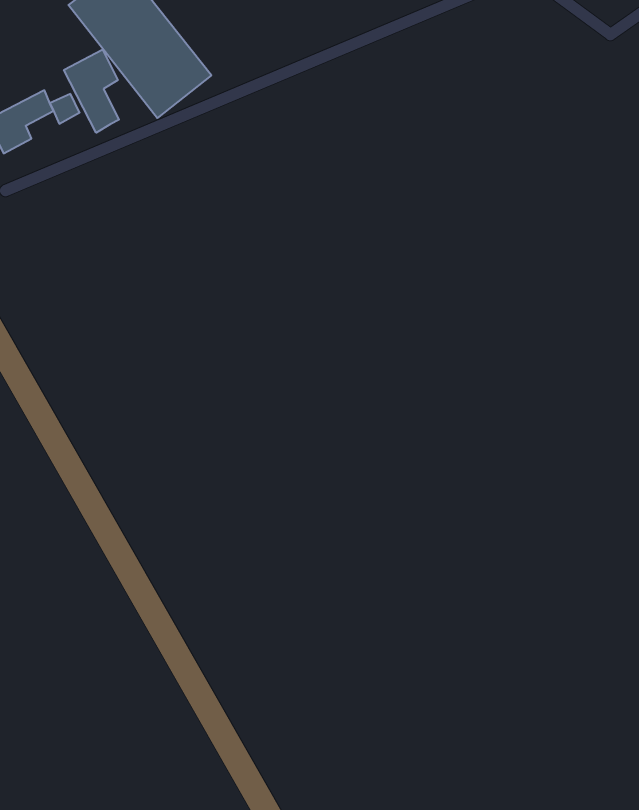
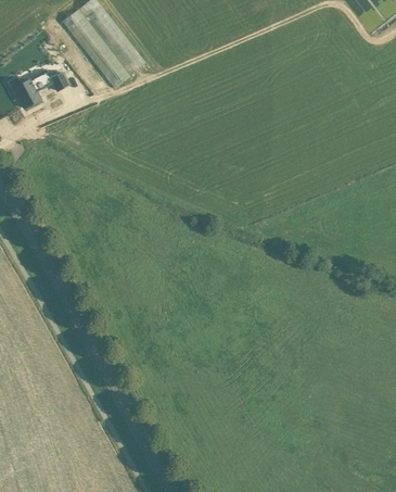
building: [64,49,119,133] -> none

